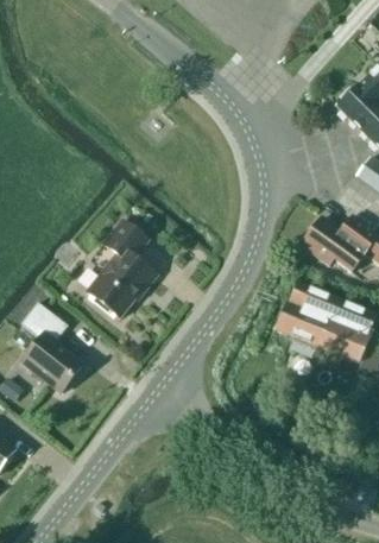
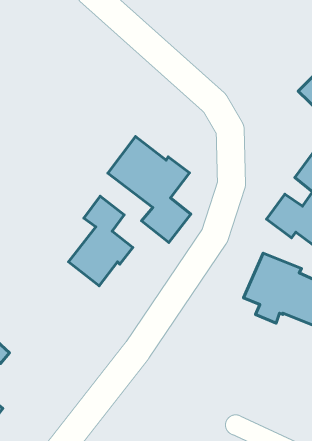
building: none -> [108,136,191,243]
building: [21,302,84,393] -> none

